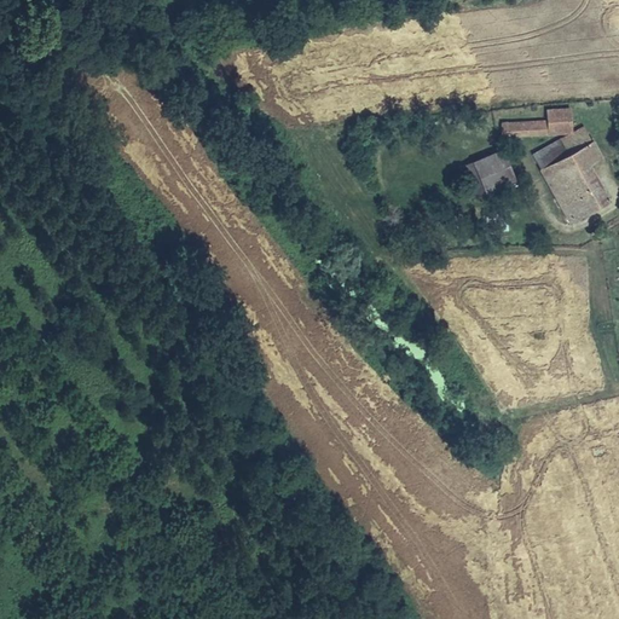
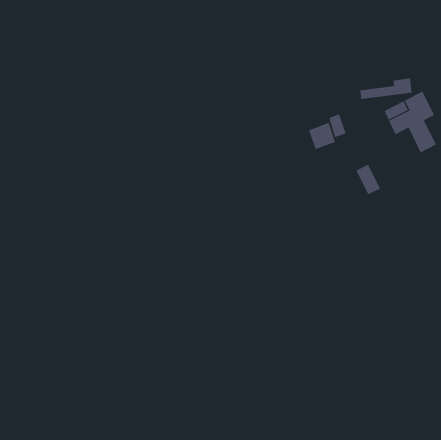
building: [474,147,513,186] -> [308,122,336,150]
building: [551,179,586,222] -> [356,164,381,195]

